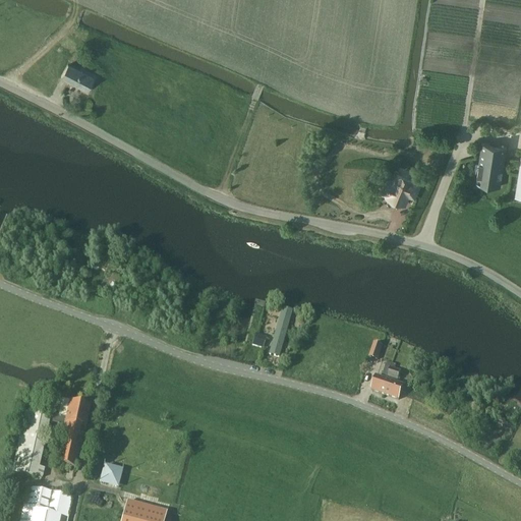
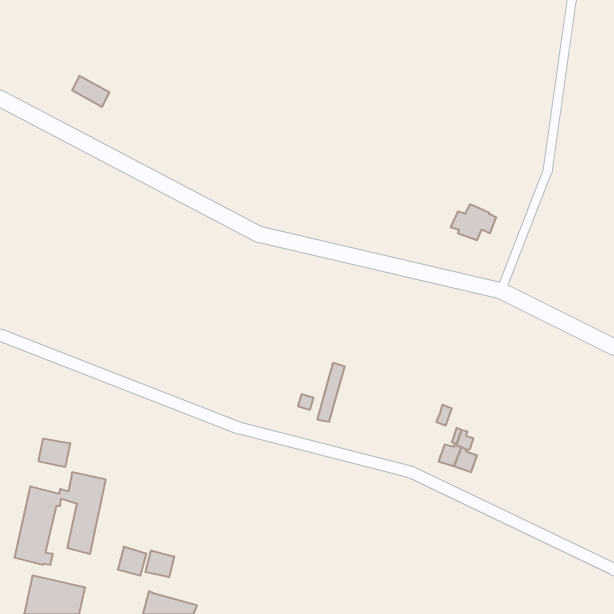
building: [476,142,507,186] -> none
building: none -> [39,439,70,467]
building: none -> [145,550,174,577]

